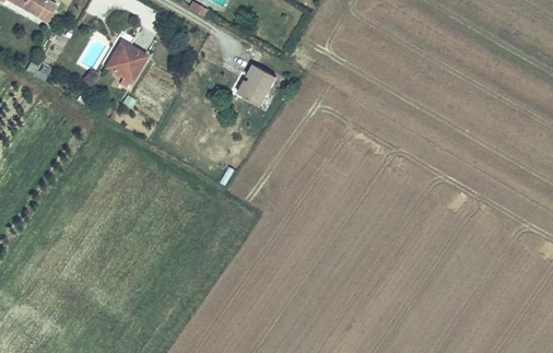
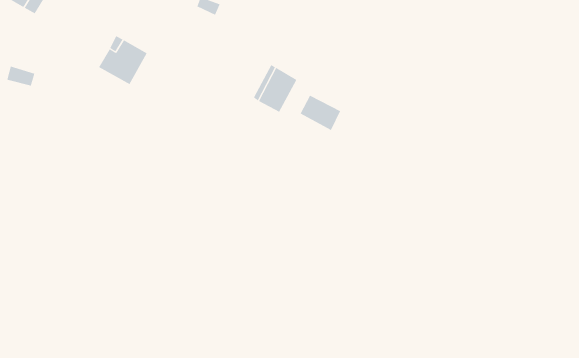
building: none -> [300,95,341,131]

